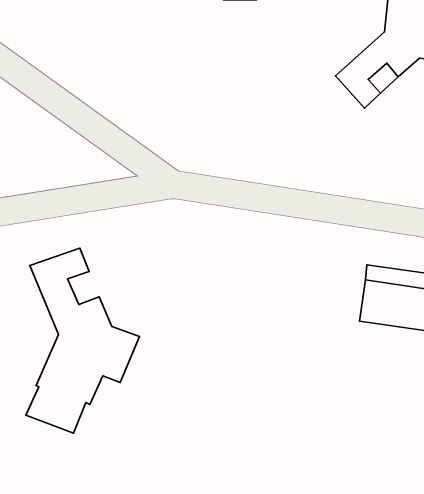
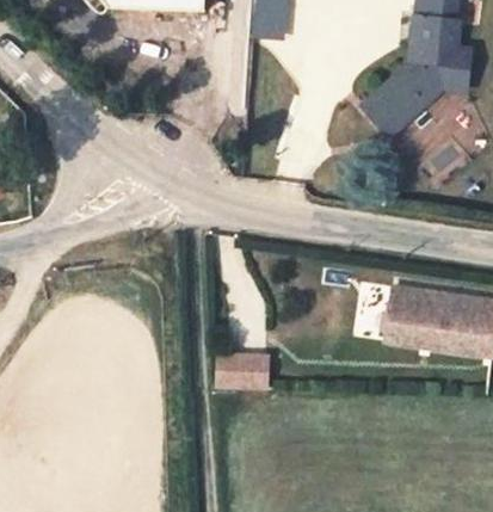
building: [26,248,139,433] -> none
building: none -> [218,354,266,387]

